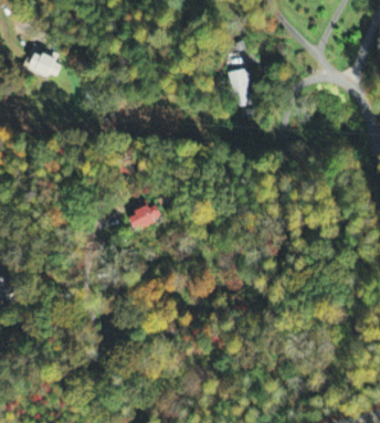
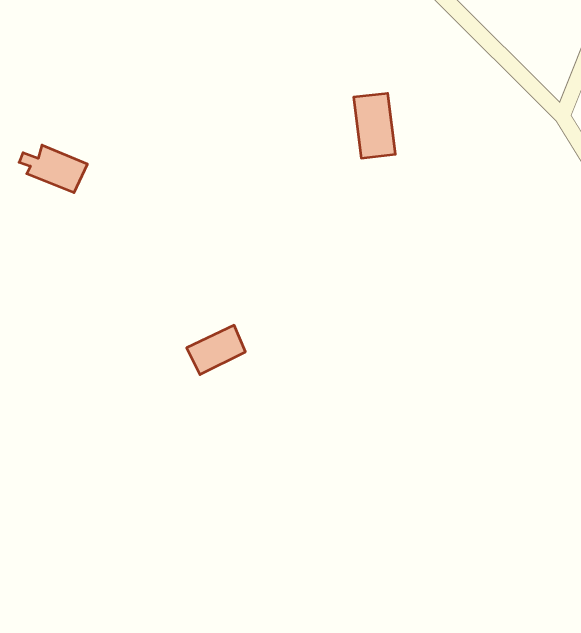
building: [25,53,65,81] -> [19,145,87,193]

